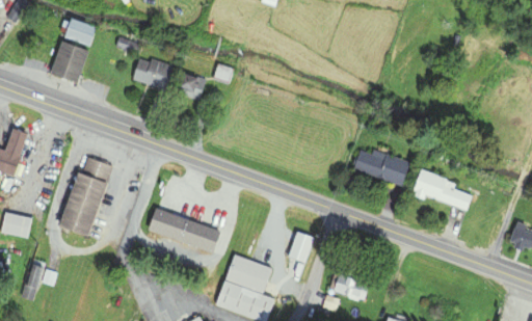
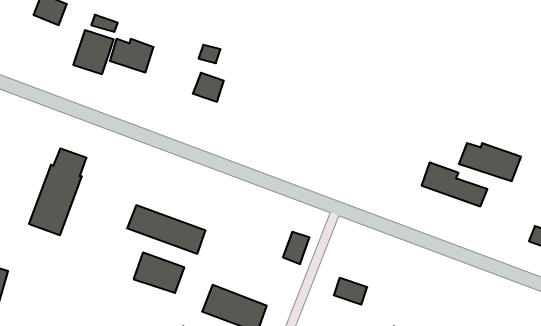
building: [52,42,88,81] -> [73,30,114,74]
building: [177,73,205,99] -> [193,73,224,102]
building: [353,150,409,184] -> [459,143,521,181]
building: [225,255,271,291] -> [134,253,184,293]

